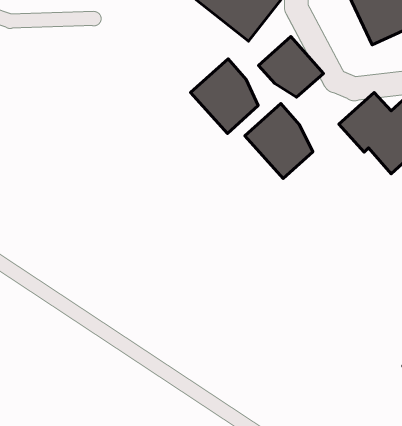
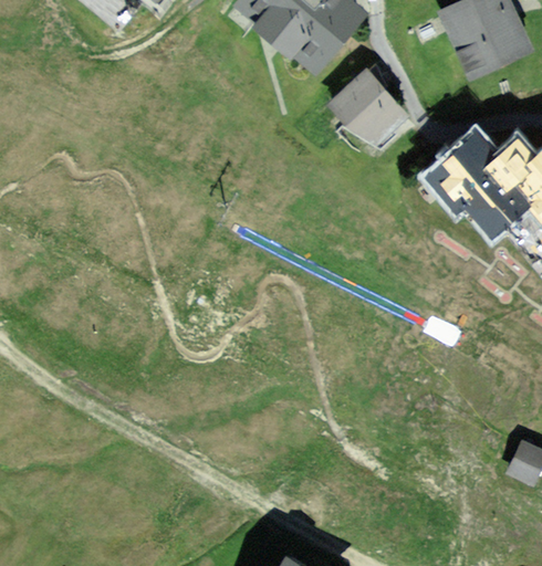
building: [190,59,258,134] -> none
building: [245,104,313,179] -> none

